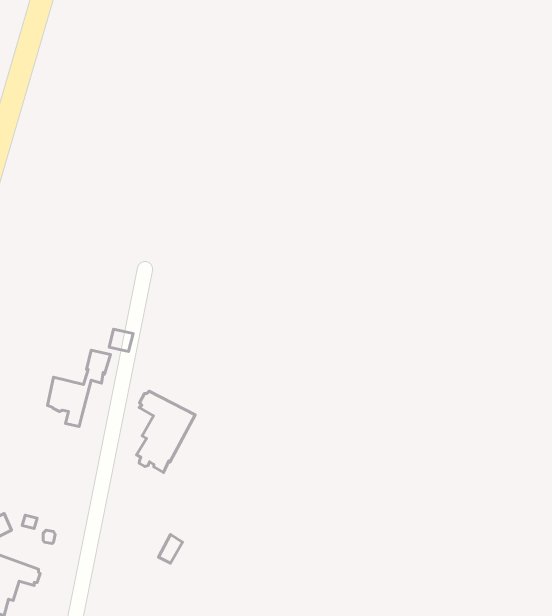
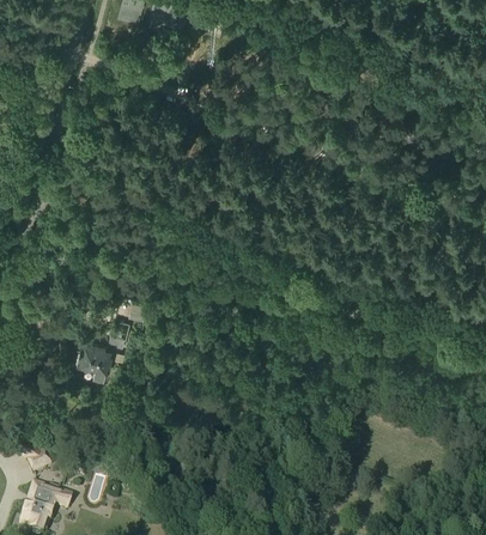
building: [136,391,195,473] -> none

